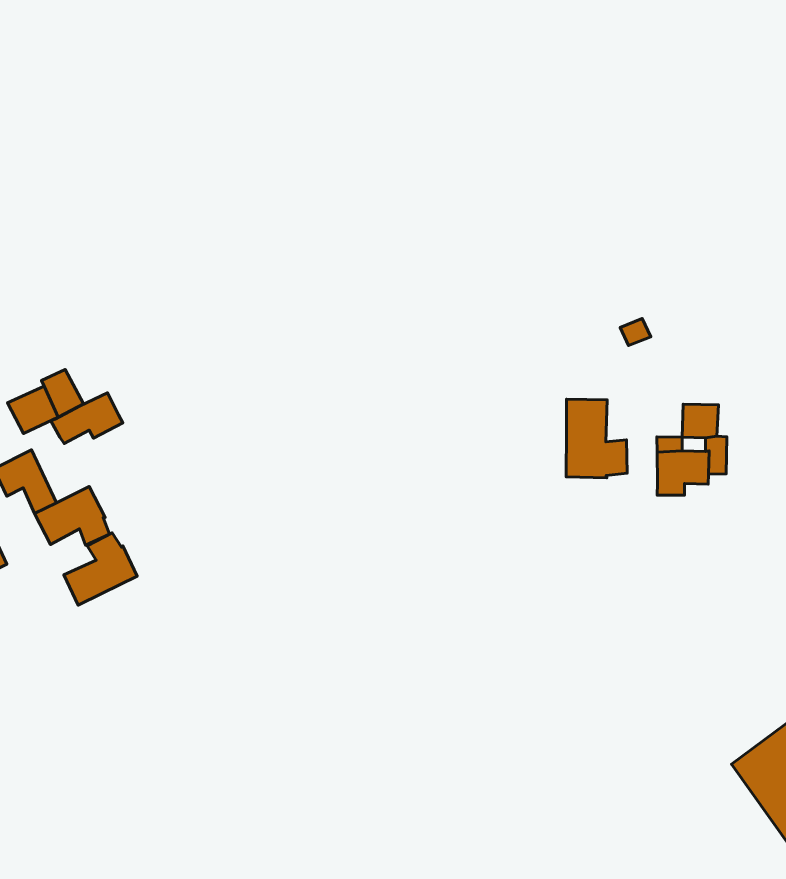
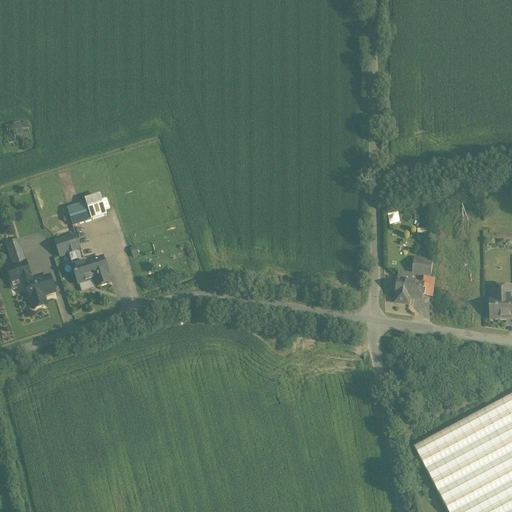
building: [51,393,123,444] -> none
building: [566,399,627,478] -> none
building: [64,533,137,605] -> none

